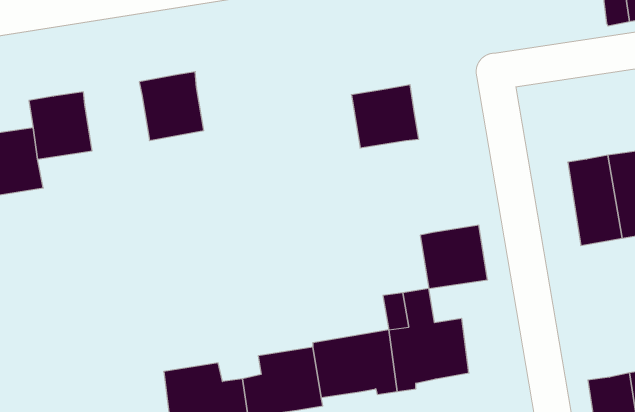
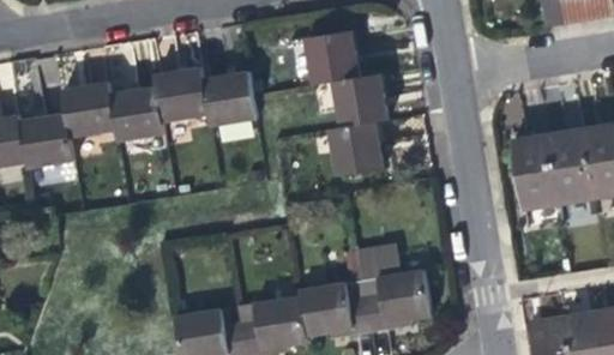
building: none -> [305,30,360,86]
building: none -> [201,70,257,127]
building: none -> [108,85,164,143]
building: [420,225,488,288] -> [327,122,384,175]

